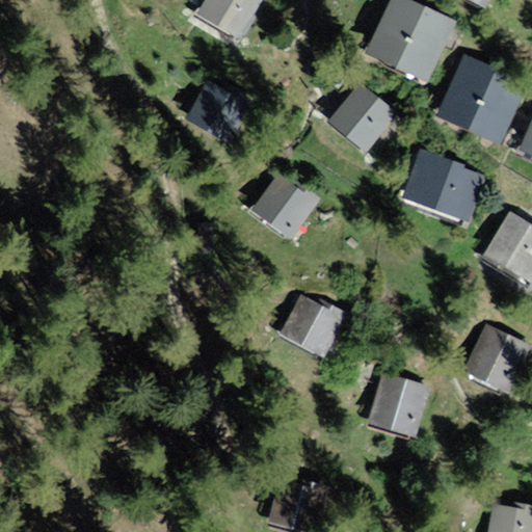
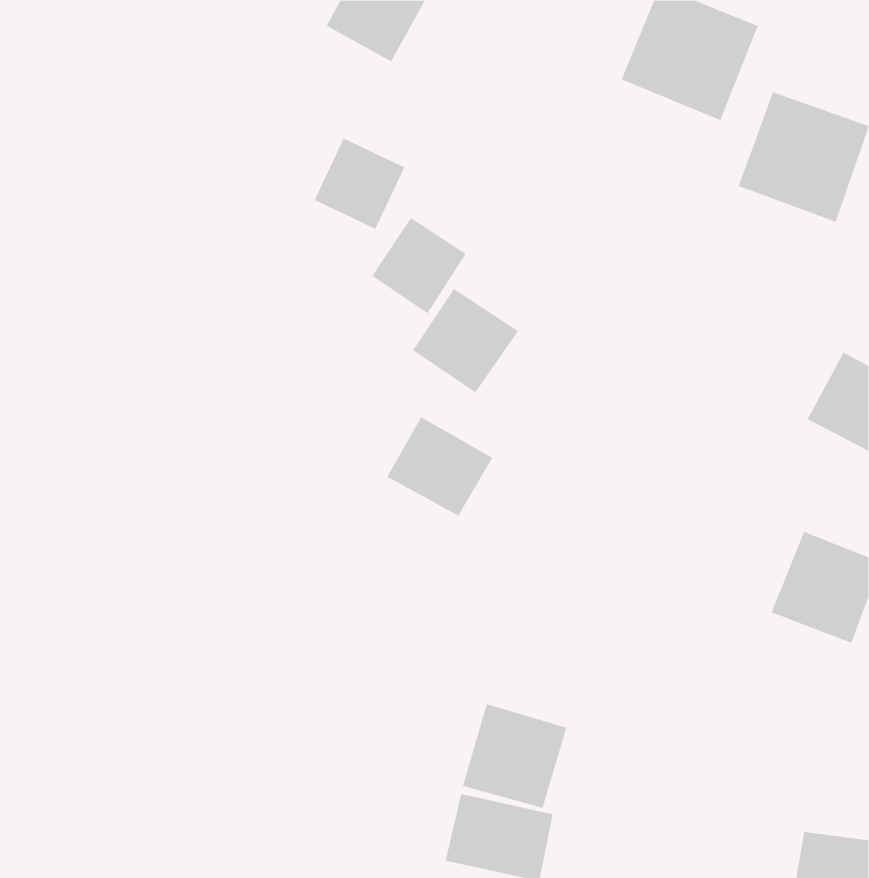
building: [332,92,397,156] -> none
building: none -> [371,217,467,314]
building: [404,153,484,220] -> none
building: [281,296,345,356] -> [386,416,493,517]
building: [361,374,424,437] -> [462,703,567,809]

